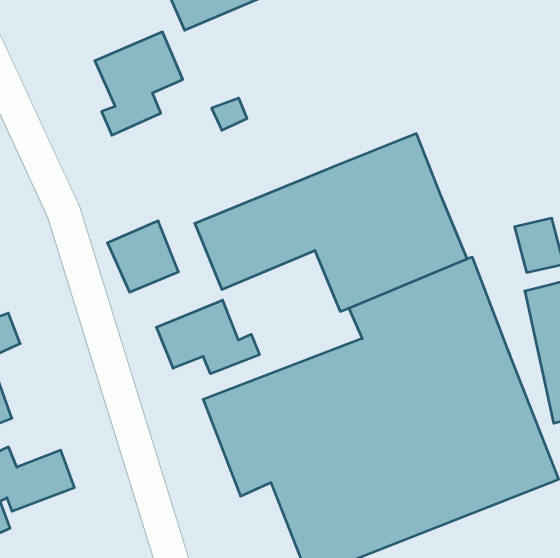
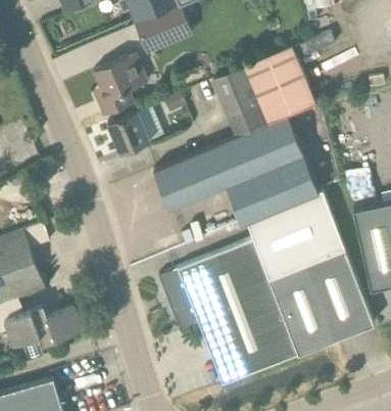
building: none -> [211,47,314,137]
building: [107,221,179,292] -> [106,111,149,154]
building: [156,300,259,374] -> none

